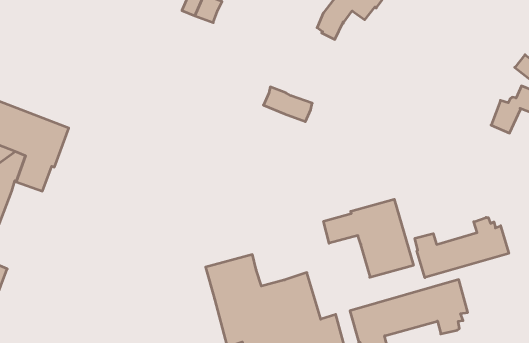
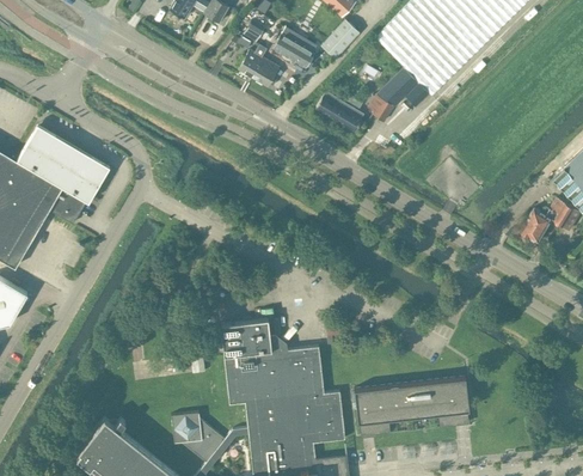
building: [263,87,312,122] -> [315,91,363,130]
building: [324,199,413,277] -> none
building: [415,217,509,278] -> none

